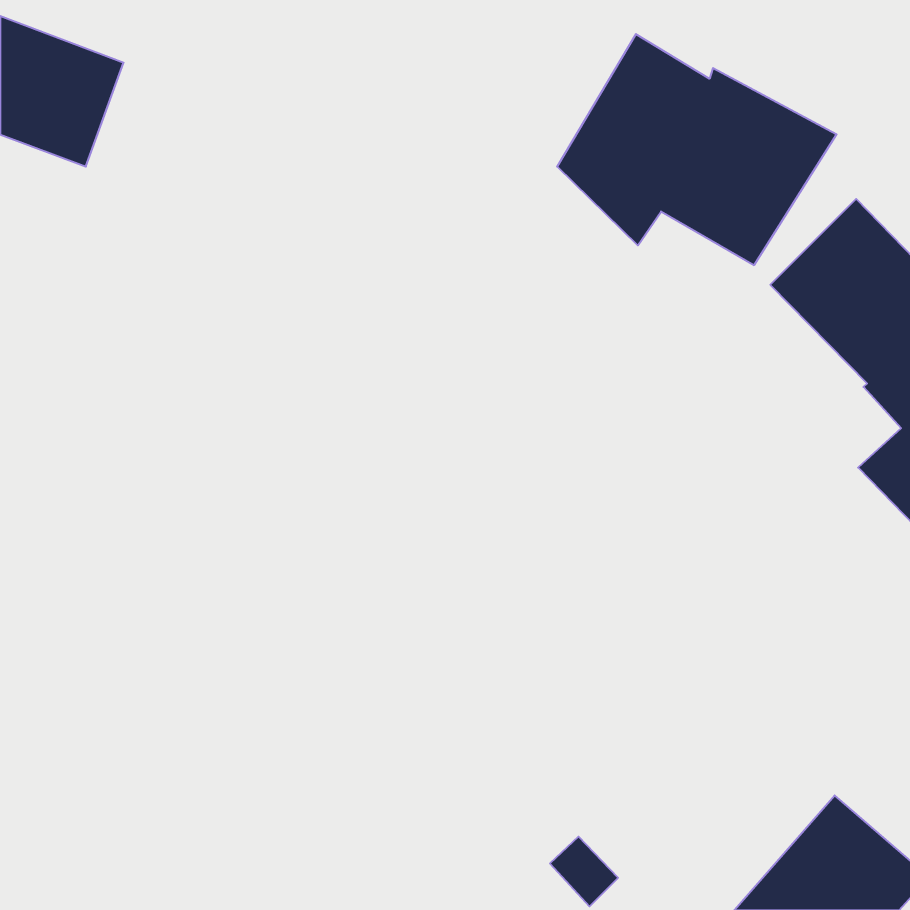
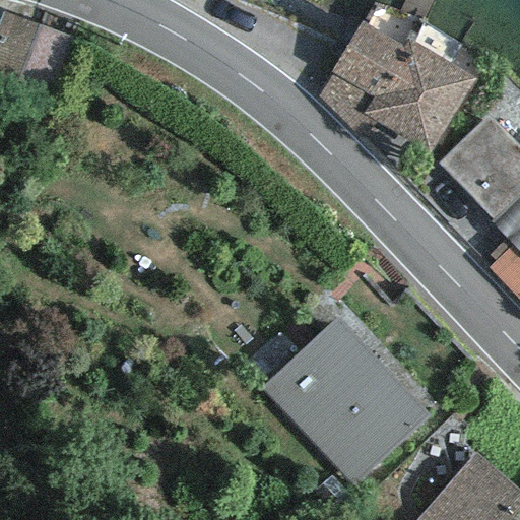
building: none -> [262,315,432,485]

